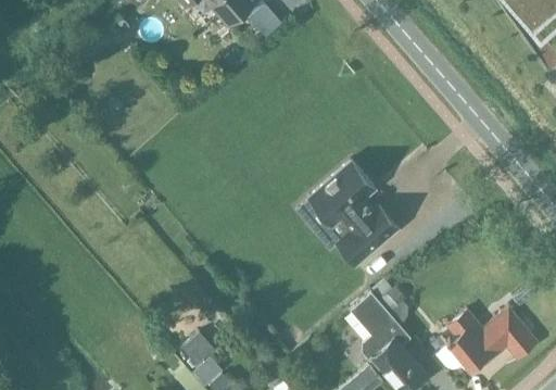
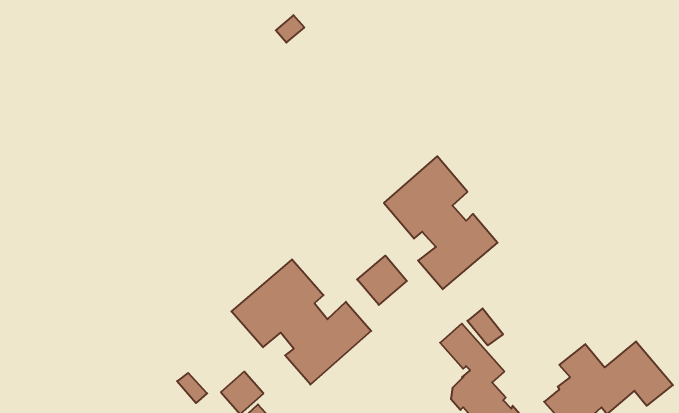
building: none -> [357,256,407,305]
building: none -> [231,259,371,385]

